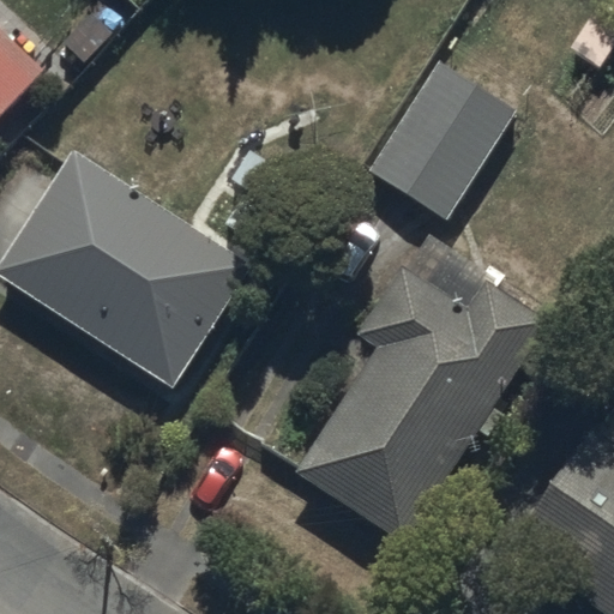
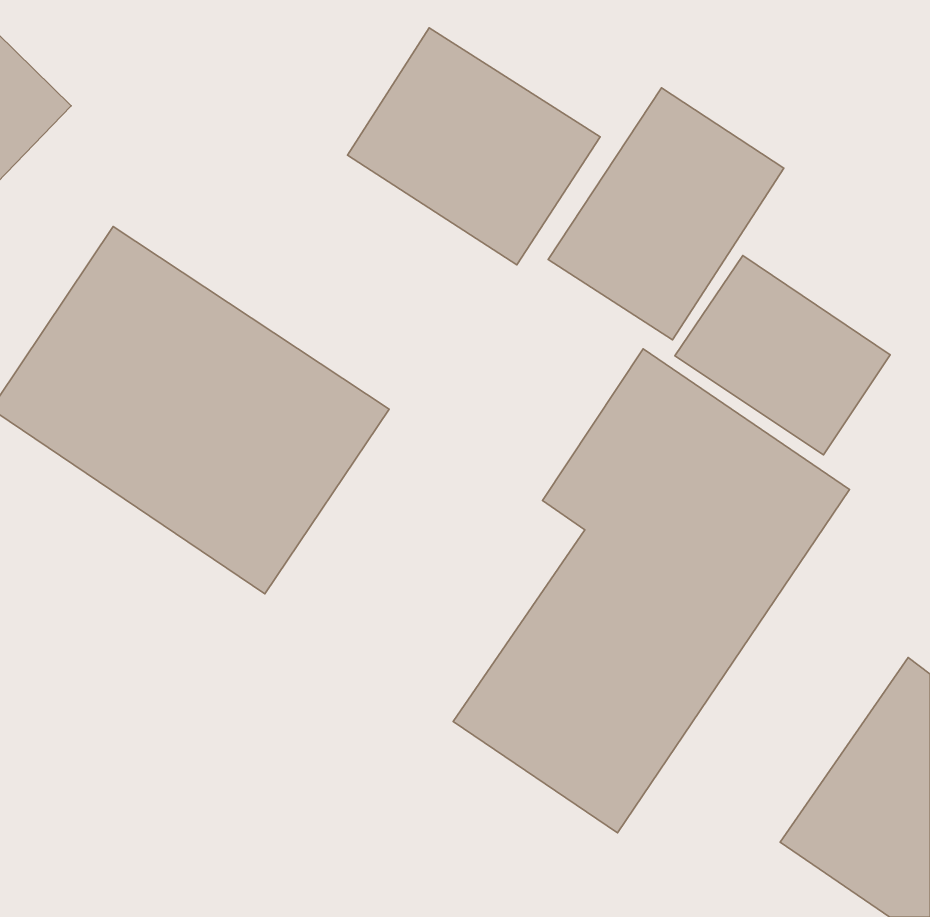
building: none -> [348,28,600,265]
building: none -> [675,255,890,455]

